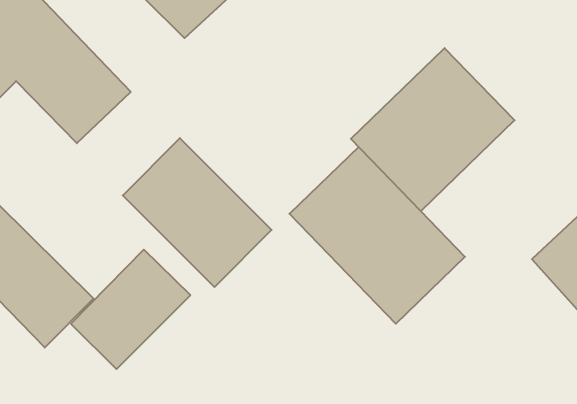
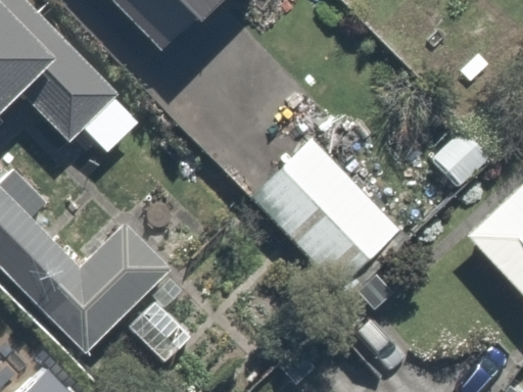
building: [351,48,515,211] -> none
building: [123,138,272,287] -> none

